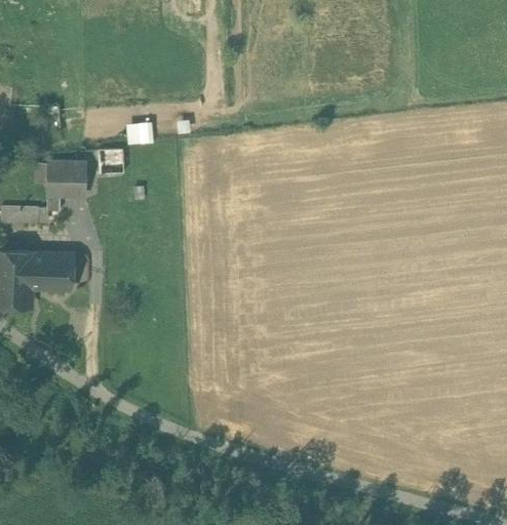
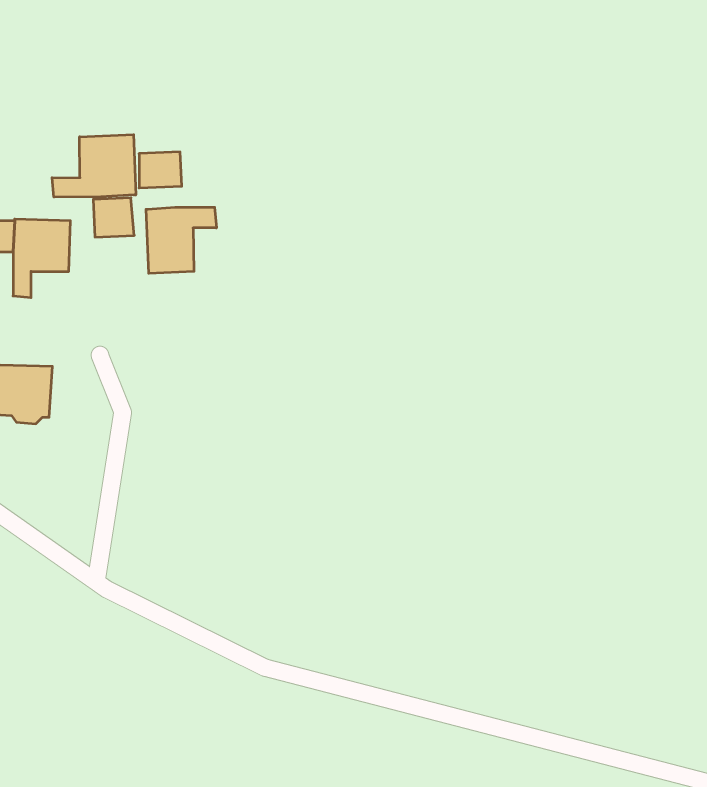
building: none -> [52,135,136,197]
building: none -> [146,207,216,273]

